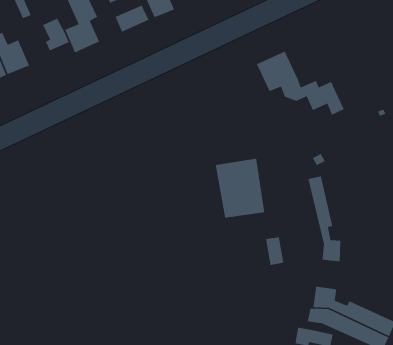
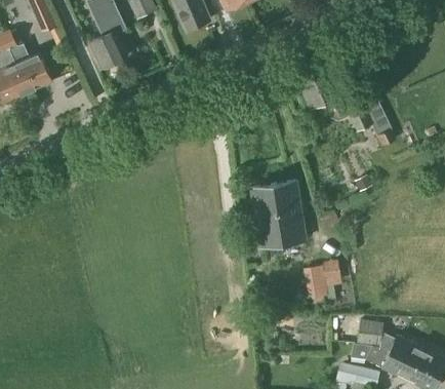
building: [115,5,150,33] -> none
building: [42,17,70,51] -> none
building: [308,175,341,262] -> none

